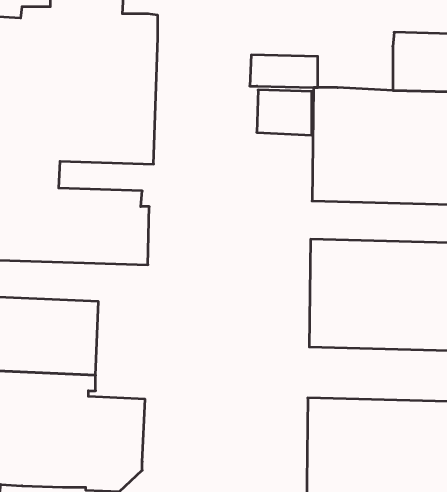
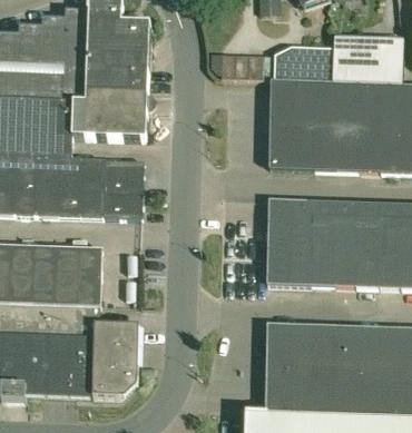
building: [257,90,312,135] -> [291,46,334,81]

